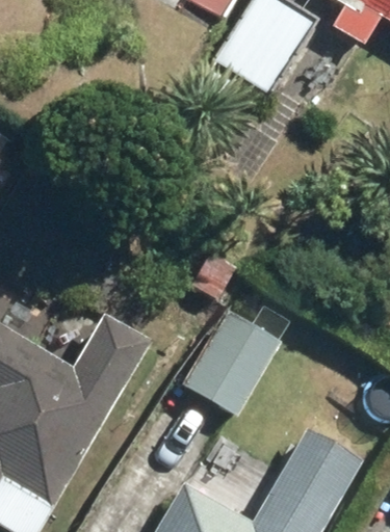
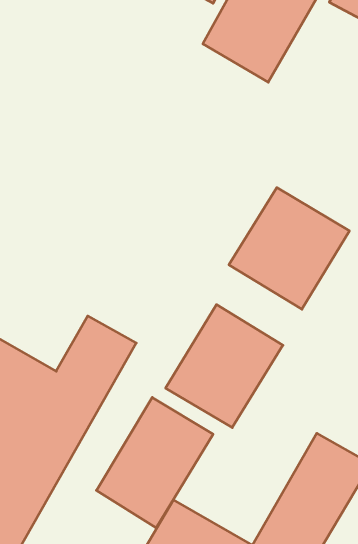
building: none -> [229,188,349,309]
building: none -> [96,397,213,528]

